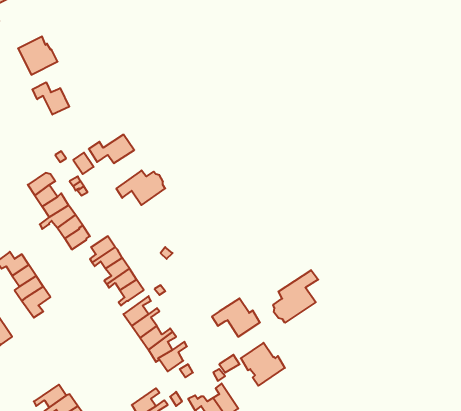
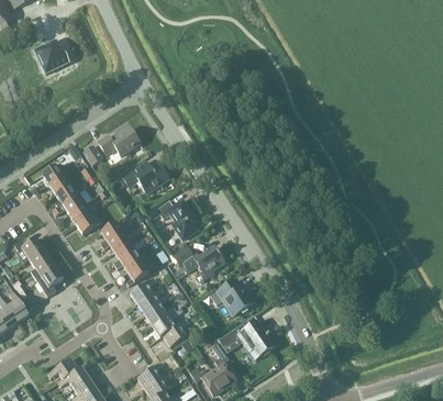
building: [32,82,69,115] -> none
building: none -> [144,198,199,240]
building: none -> [173,245,224,281]
building: [273,270,318,323] -> none

